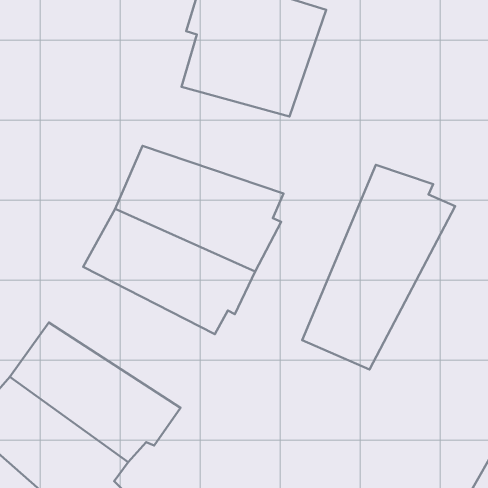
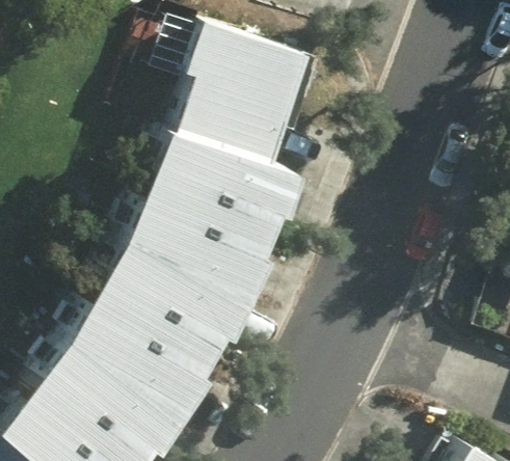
building: none -> [156,98,308,194]
building: [302,165,455,369] -> none
building: none -> [74,259,219,382]

